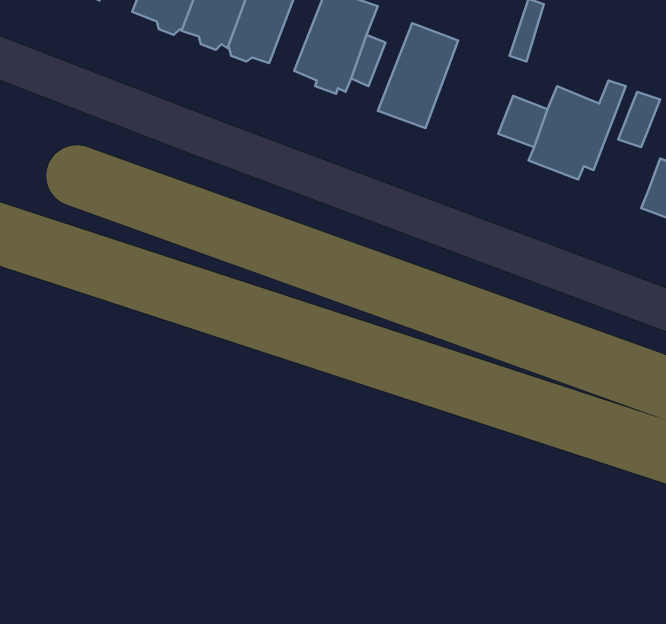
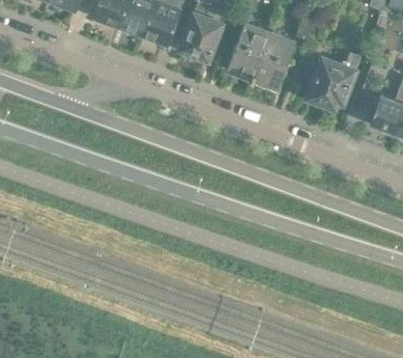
building: none -> [252,31,295,88]

